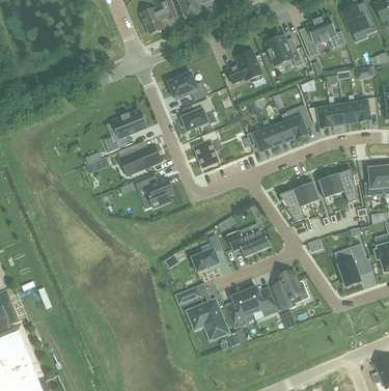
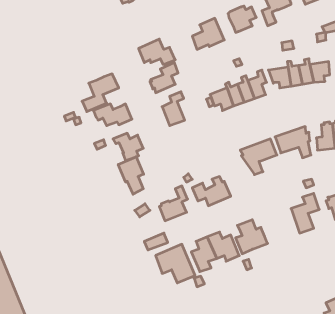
building: none -> [118,157,144,194]

